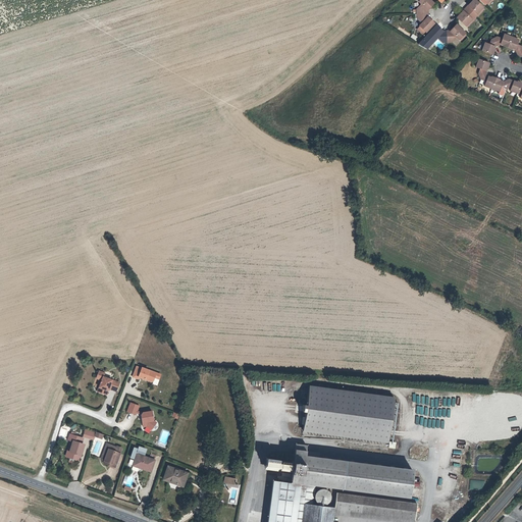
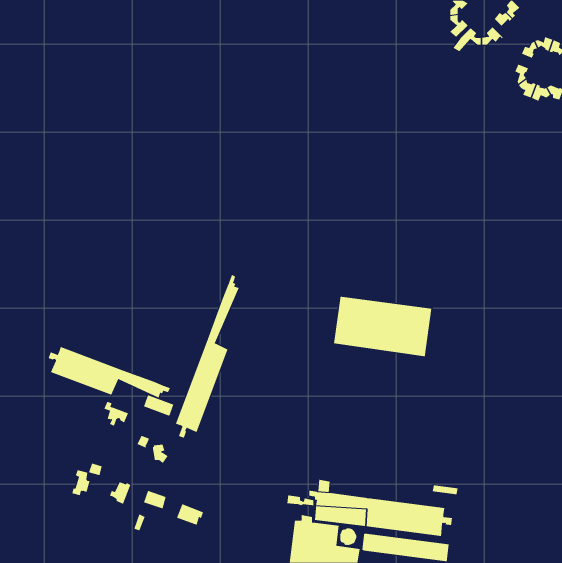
building: none -> [175,274,239,439]
building: none -> [48,346,171,399]
building: [303,386,395,442] -> [333,296,432,357]

